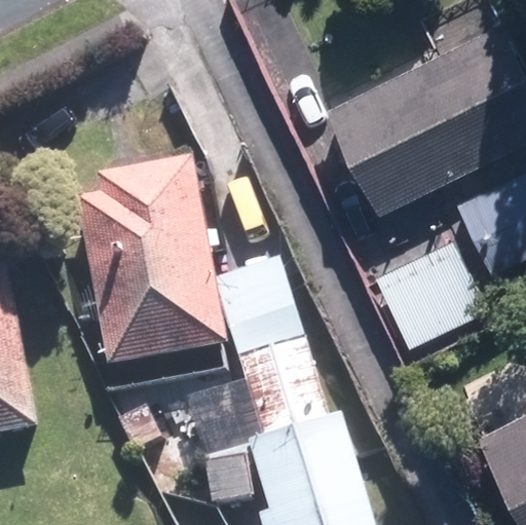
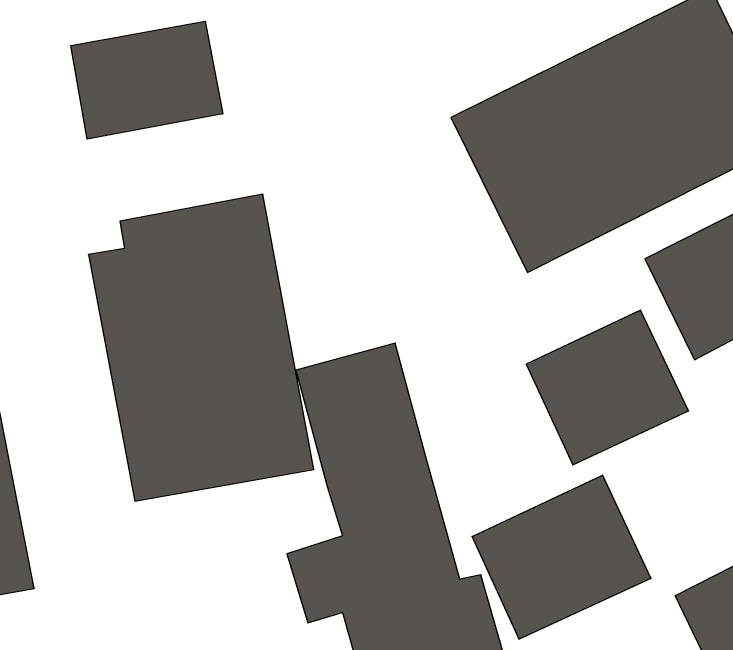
building: none -> [71,21,223,139]
building: none -> [472,475,651,639]

